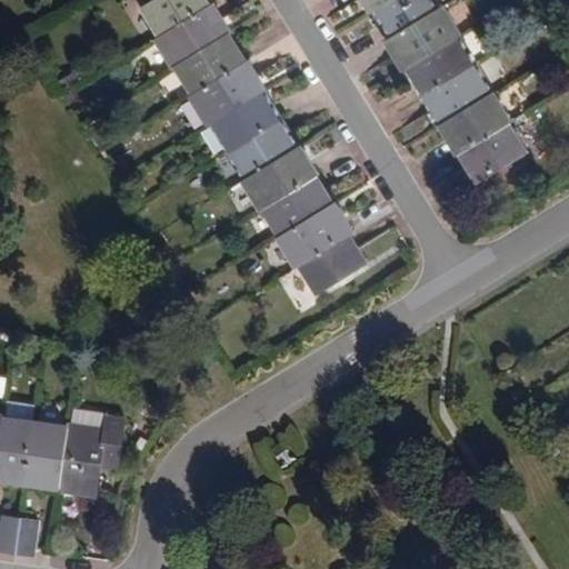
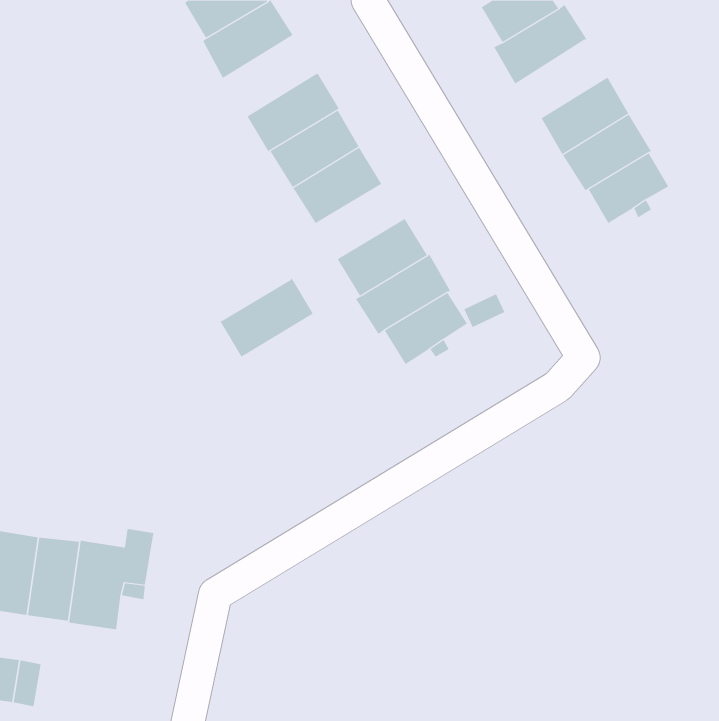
building: [176,33,246,96] -> none
building: [403,37,473,98] -> none
building: [243,147,317,209] -> [220,277,314,357]

